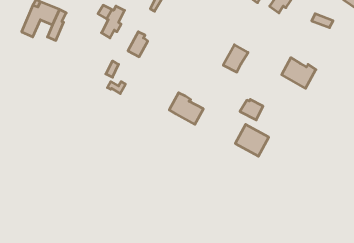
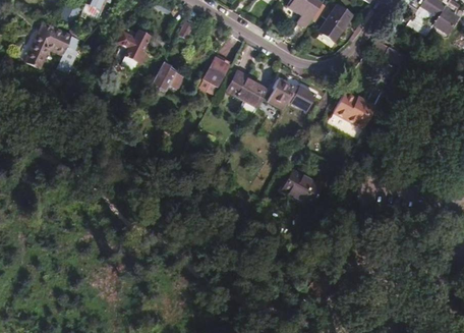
building: none -> [202,52,231,87]
building: [169,93,203,124] -> [227,69,268,107]
building: [240,99,263,120] -> [287,86,314,110]

